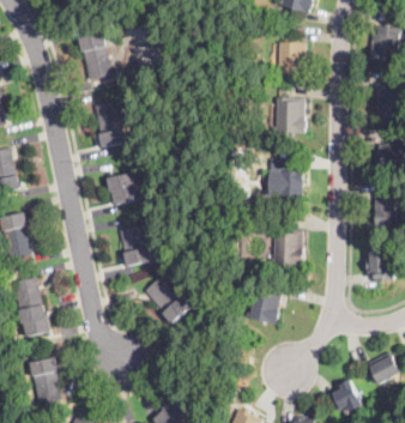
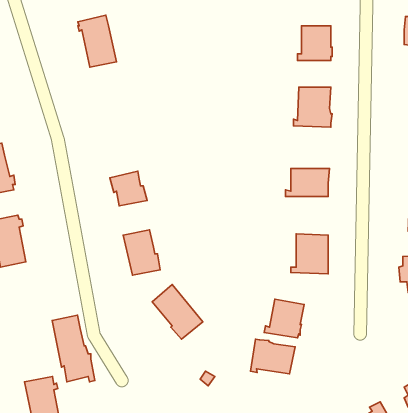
building: [93,101,125,147] -> none
building: [12,277,50,337] -> [52,315,95,382]
building: none -> [250,339,295,374]

